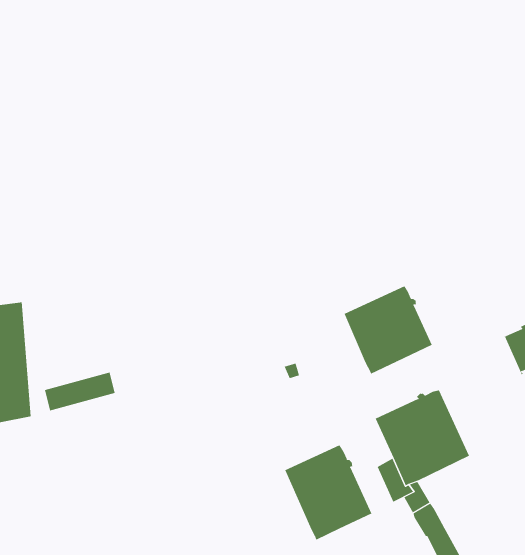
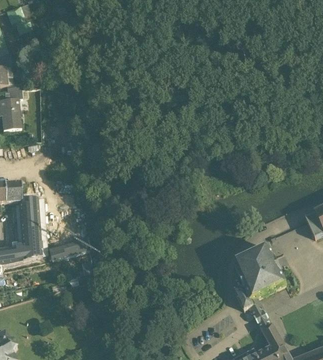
building: [344,286,433,374] -> none
building: [285,445,372,541] -> none

